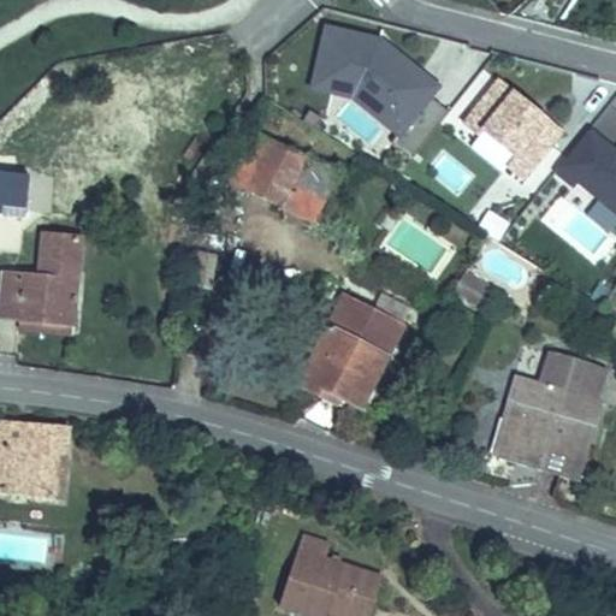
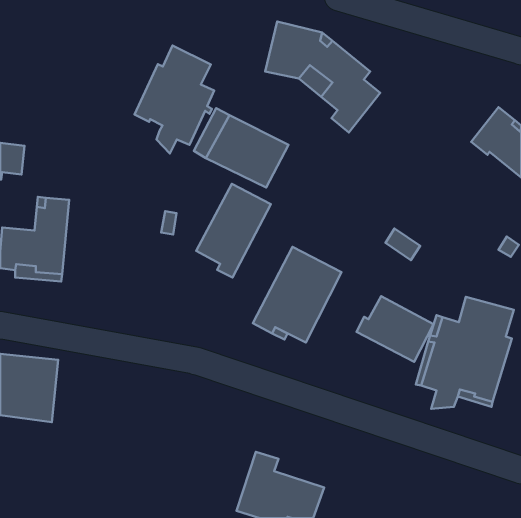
building: none -> [135,46,214,154]
building: [464,78,562,177] -> none
building: none -> [196,184,271,278]
building: none -> [356,296,434,362]

